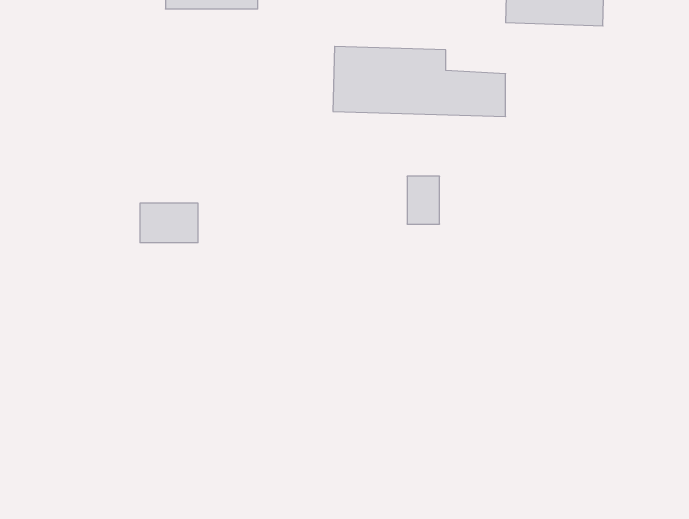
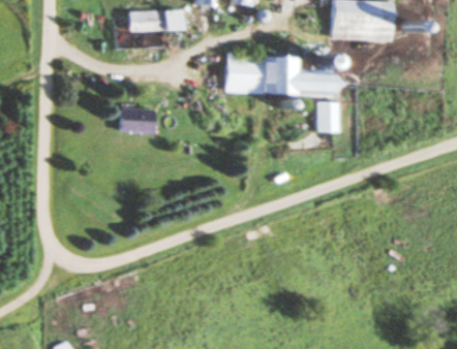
building: [407,176,440,224] -> [316,102,336,131]
building: [140,203,198,243] -> [120,108,155,132]

